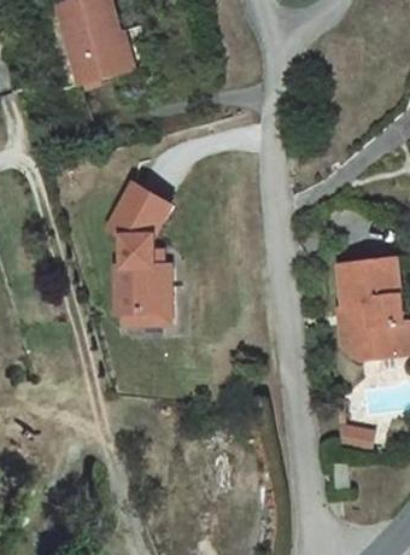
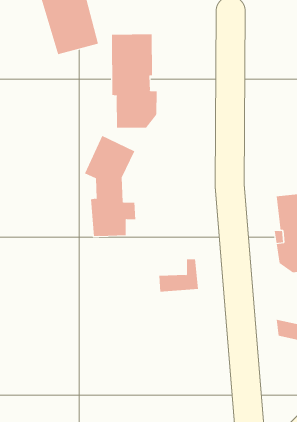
building: none -> [112,34,157,129]
building: [125,284,175,325] -> [159,259,199,292]

